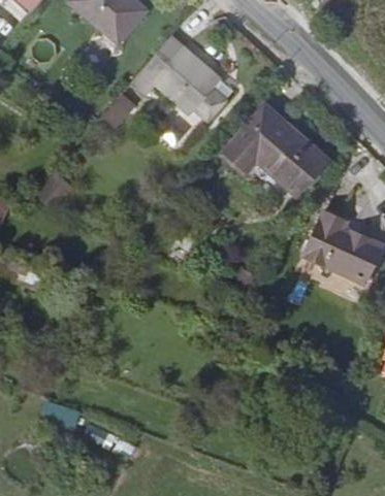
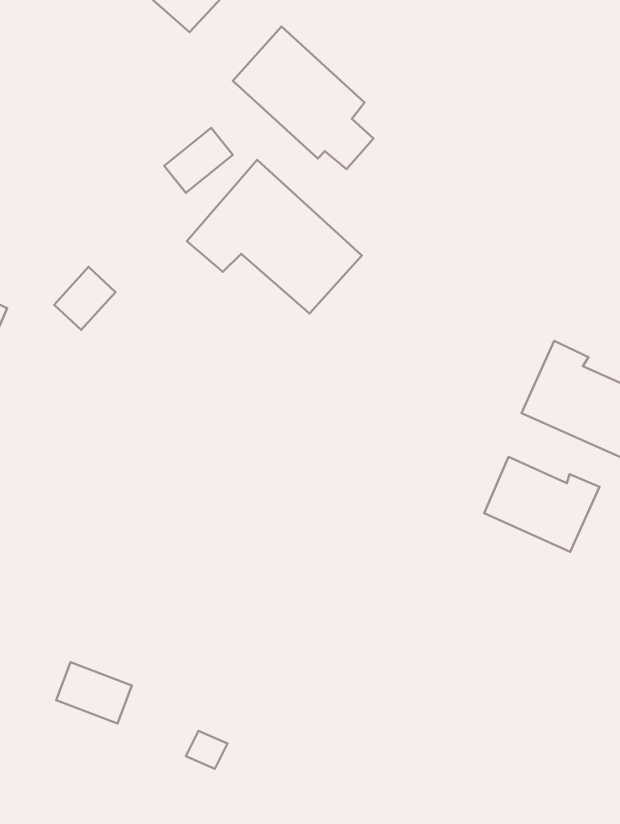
building: [224,104,324,192] -> [187,160,362,313]
building: none -> [484,457,599,552]

